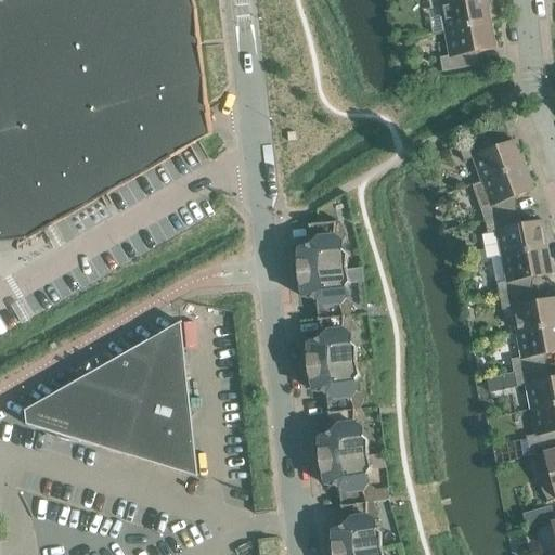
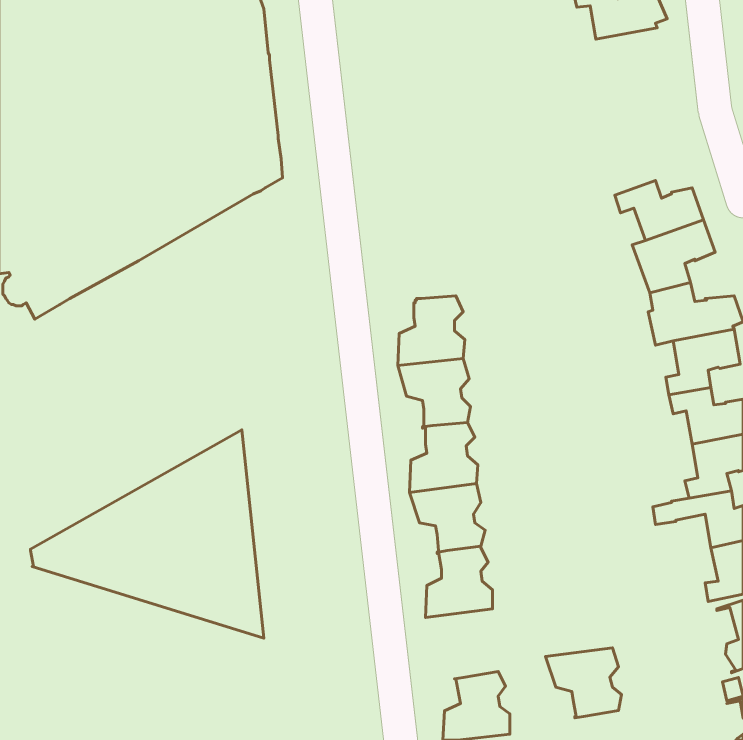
building: [438,21,493,69] -> none
building: [317,453,373,505] -> [546,648,621,718]

